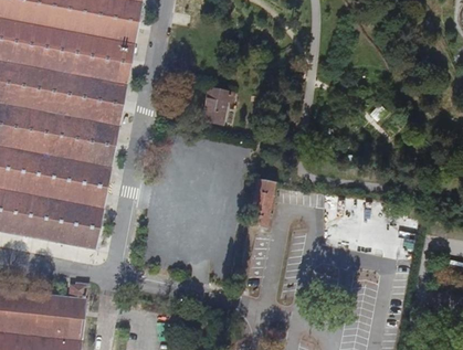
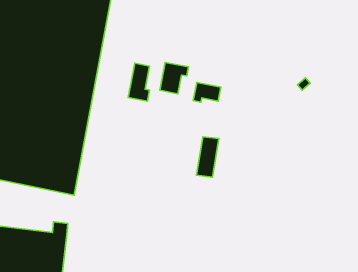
building: none -> [128,63,150,101]
building: none -> [193,82,221,102]

